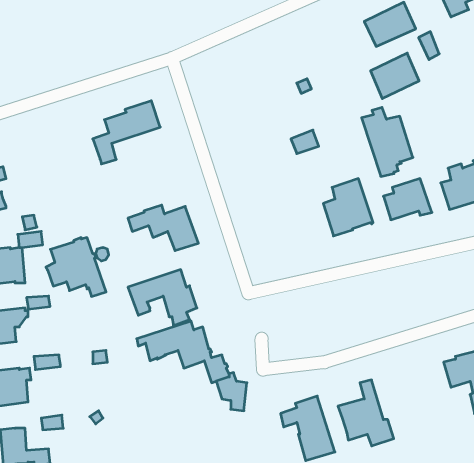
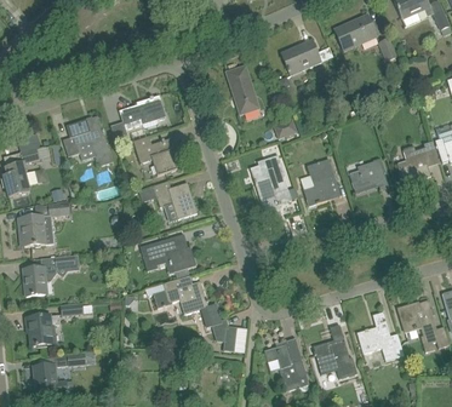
building: [371,53,419,99] -> [280,38,320,75]
building: none -> [225,64,258,113]
building: [362,107,413,176] -> [248,157,291,214]
building: none -> [132,134,177,173]
building: [46,238,106,296] -> [62,115,111,164]
building: none -> [356,311,404,360]

